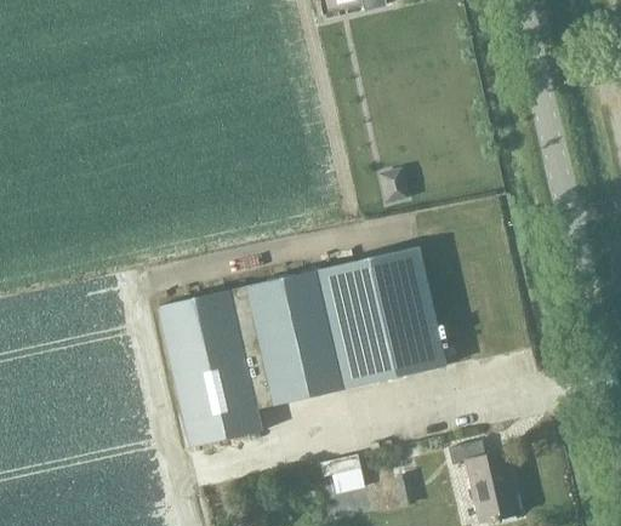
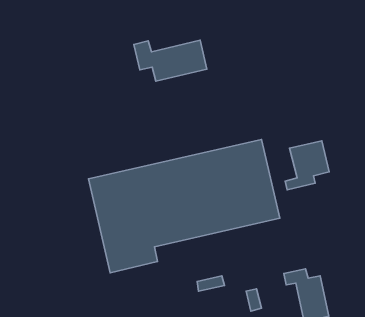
building: none -> [134,40,207,81]
building: none -> [285,141,329,190]

